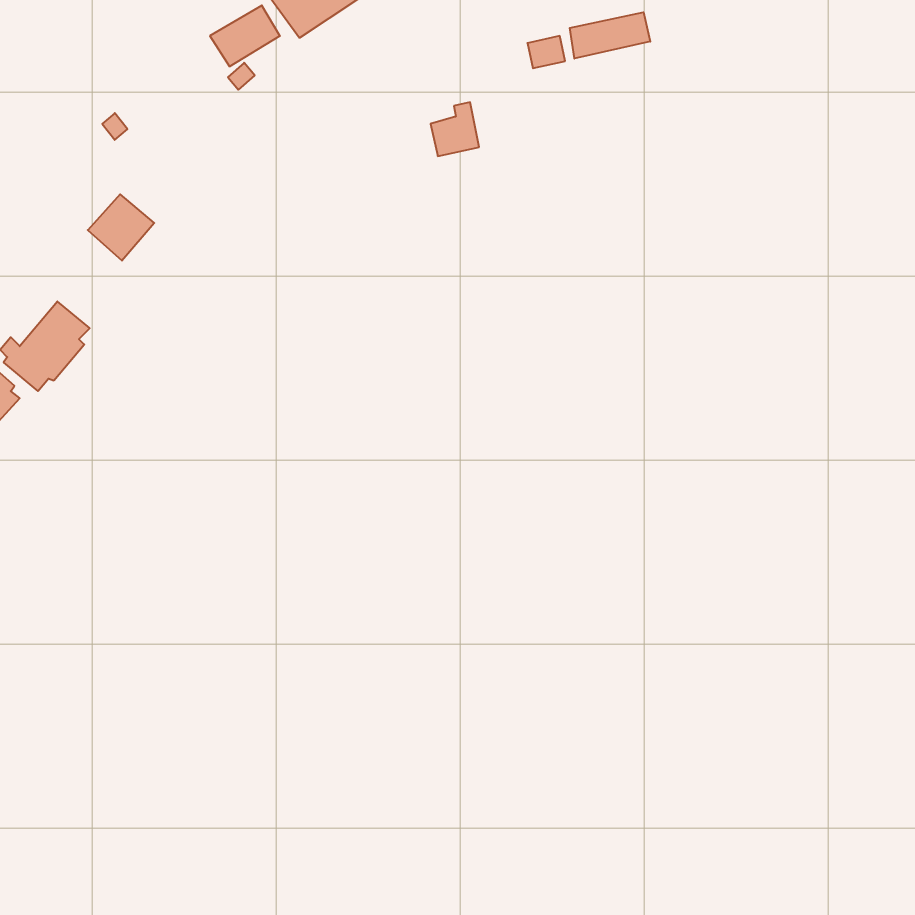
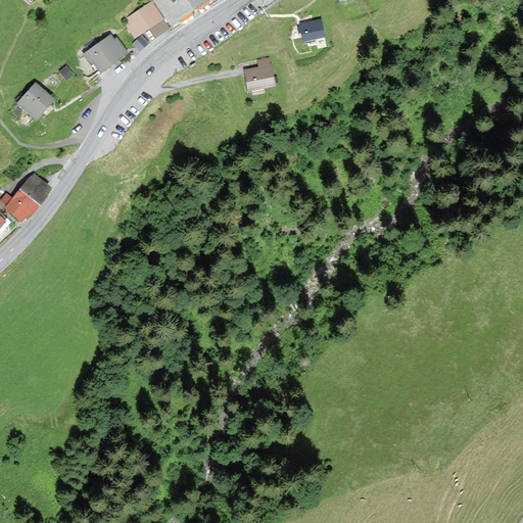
building: [570,12,650,59] -> none
building: none -> [84,37,126,69]
building: [88,194,154,261] -> [16,83,54,121]

